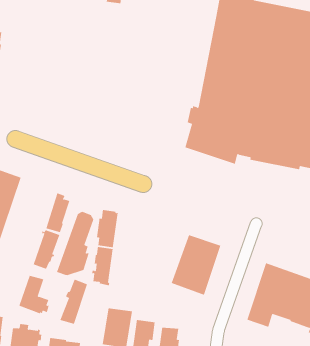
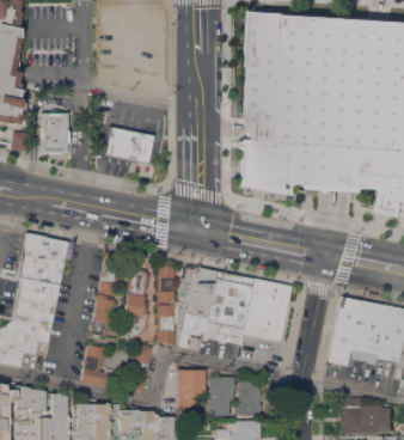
building: none -> [39,111,68,153]
building: none -> [103,124,154,165]
building: none -> [177,264,252,347]

